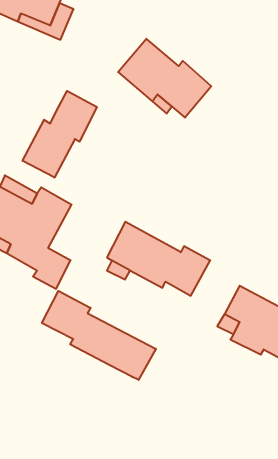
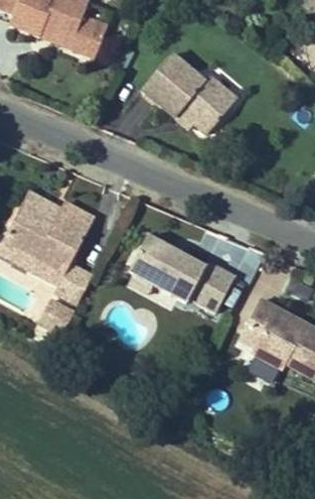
building: [23,91,97,178] -> none
building: [42,291,156,380] -> none

